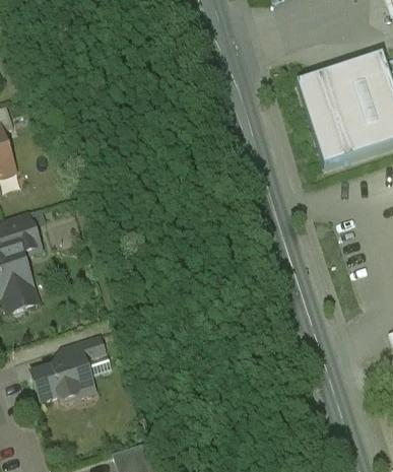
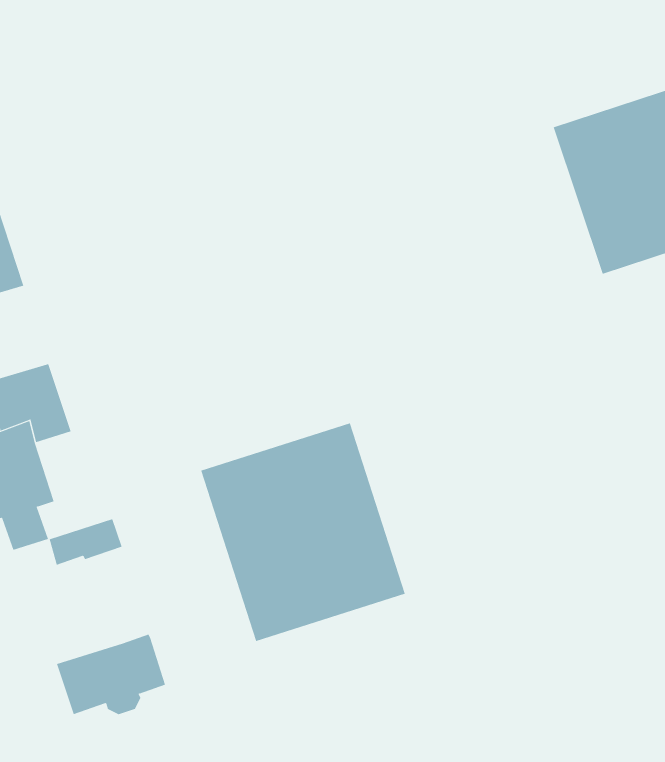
building: none -> [200,422,406,642]
building: [63,339,103,364] -> [49,518,122,566]

